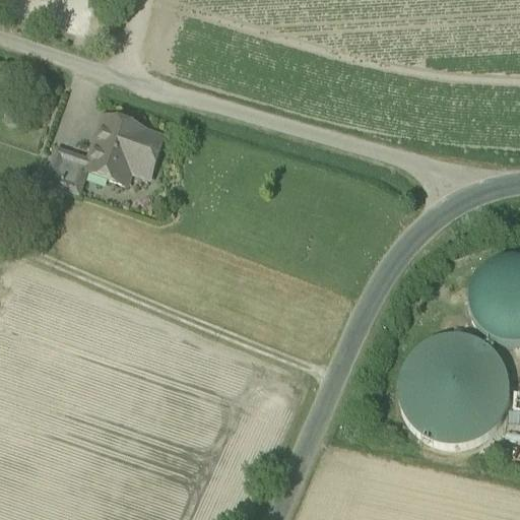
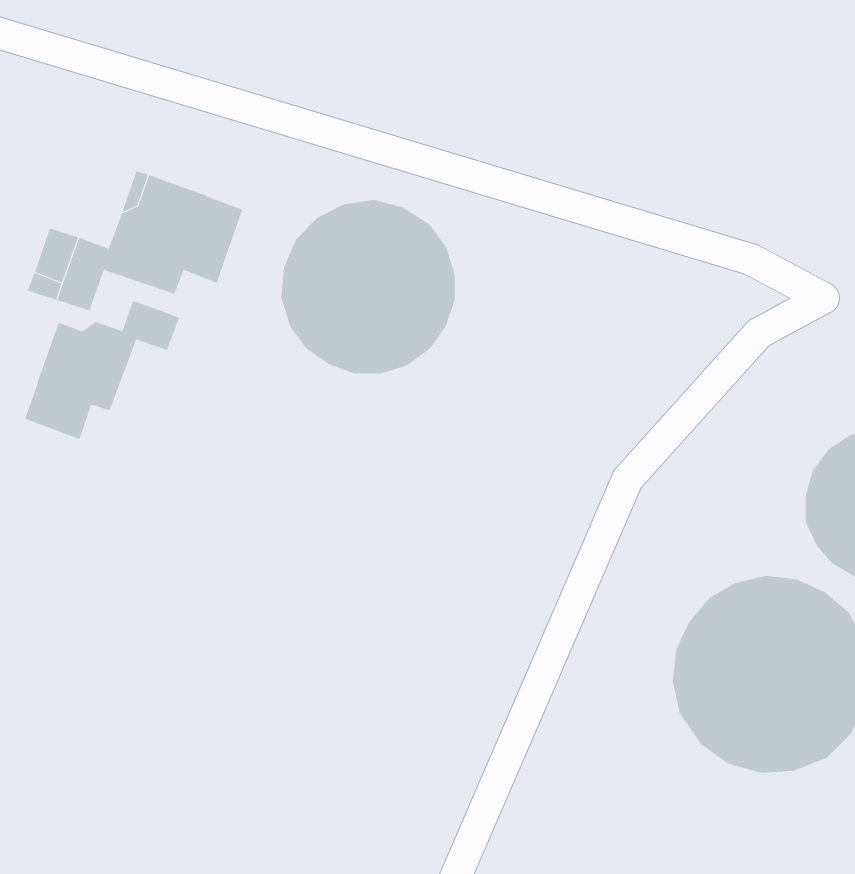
building: none -> [281,199,455,374]
building: none -> [24,300,180,440]

